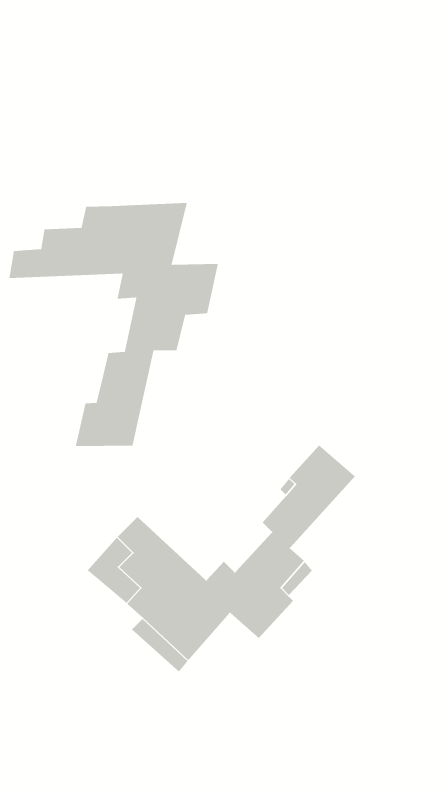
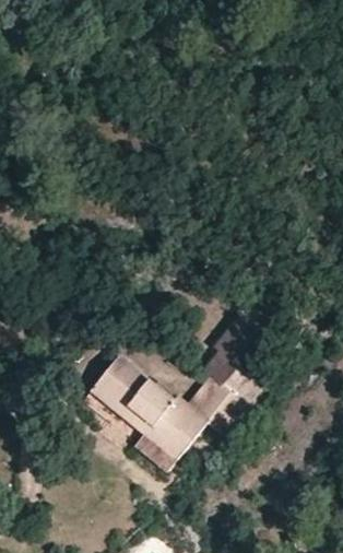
building: [9,202,219,447] -> none

